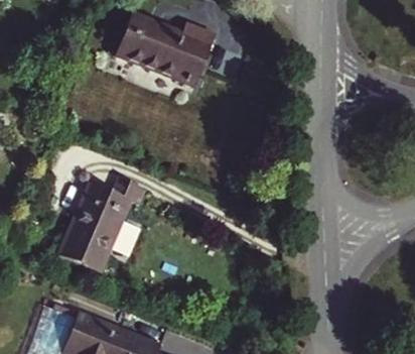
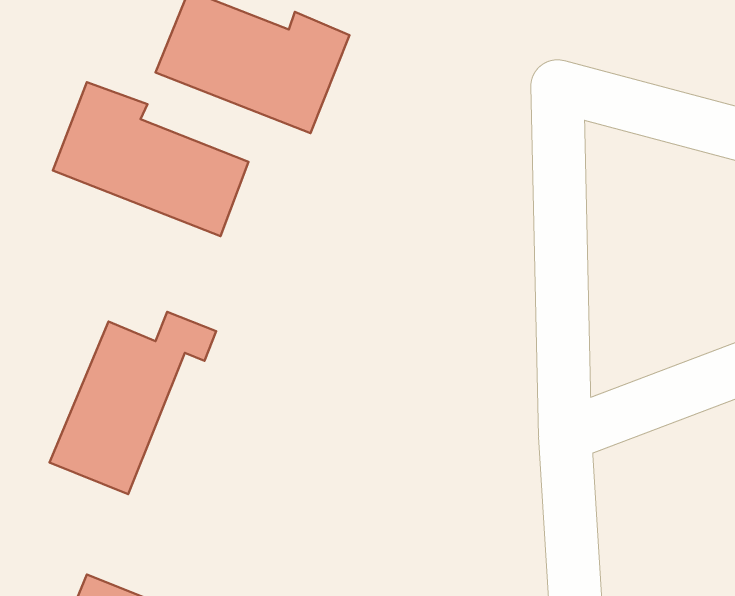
building: none -> [53,82,249,236]

